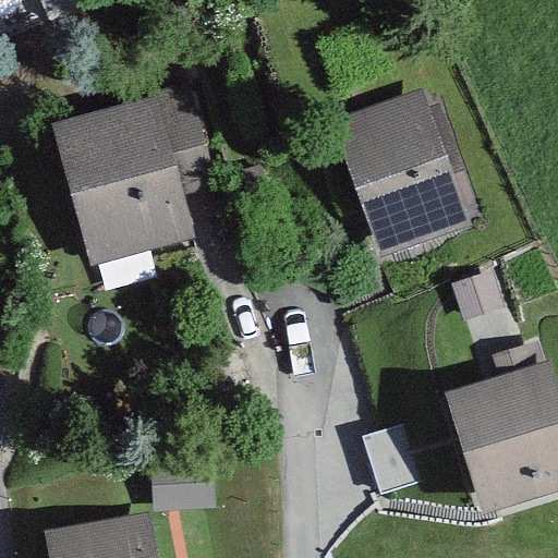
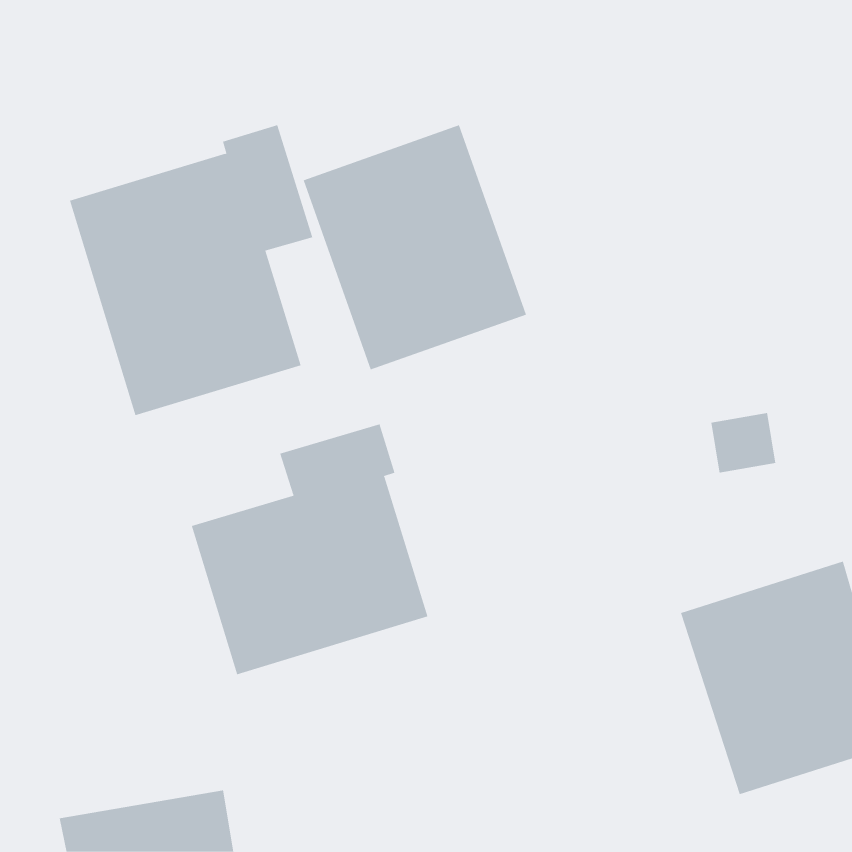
building: [331,95,476,254] -> [303,124,527,370]
building: none -> [191,423,428,675]

